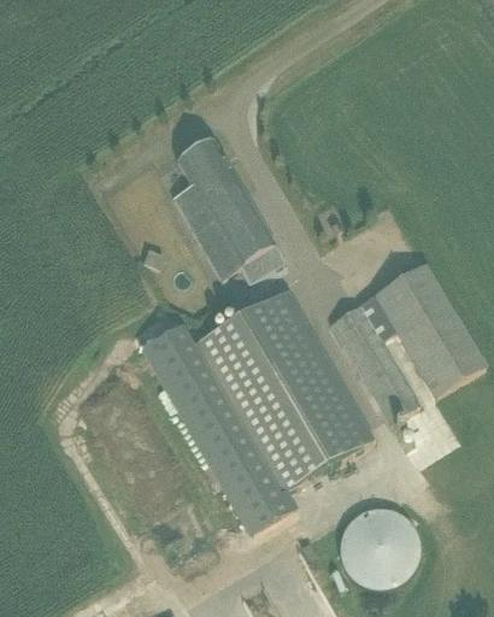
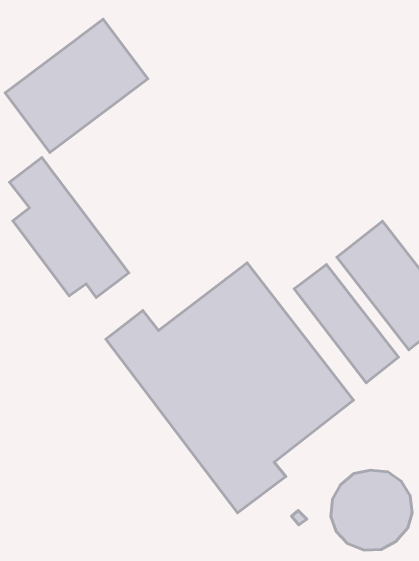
building: none -> [5,19,148,153]
building: [176,136,284,281] -> [9,157,129,297]

